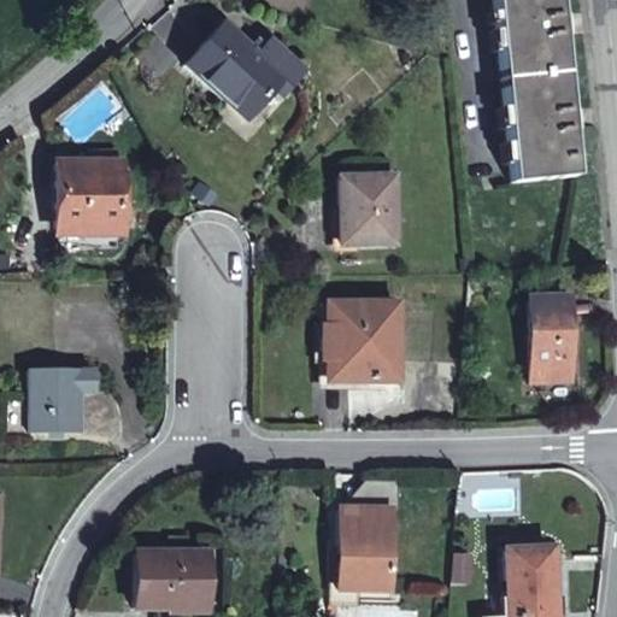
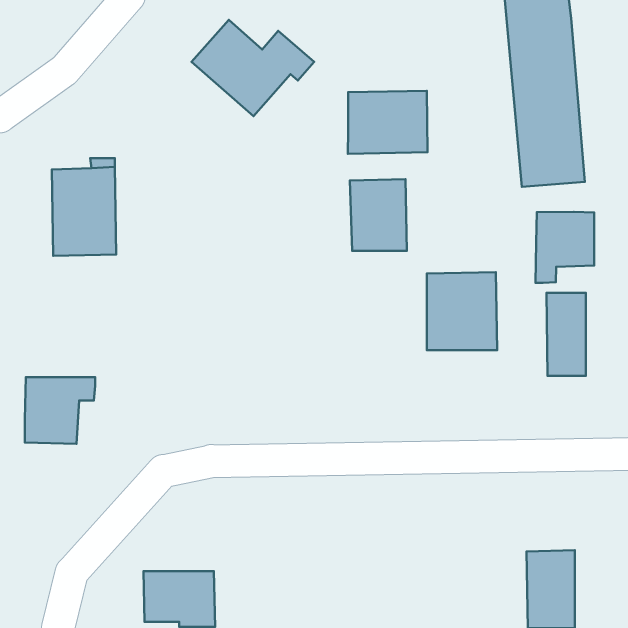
building: none -> [348,91,428,154]
building: none -> [535,212,594,283]
building: [335,298,404,374] -> [427,272,497,350]
building: [337,511,389,594] -> none

